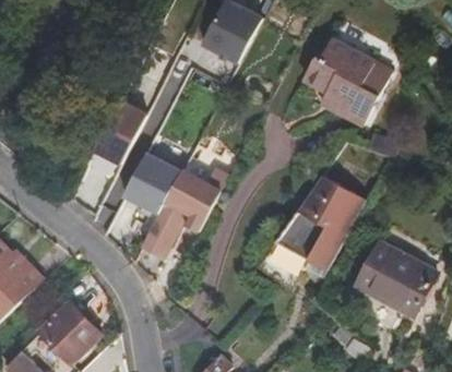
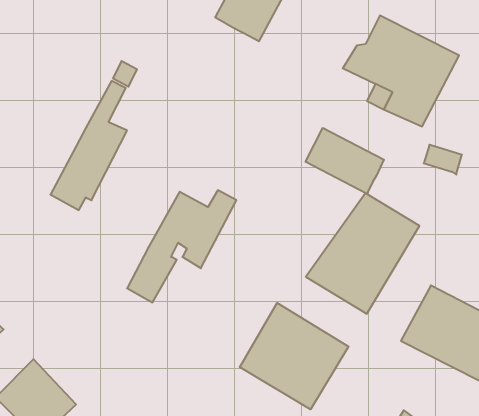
building: none -> [306,128,384,194]
building: [126,151,182,216] -> none
building: none -> [240,303,349,409]

